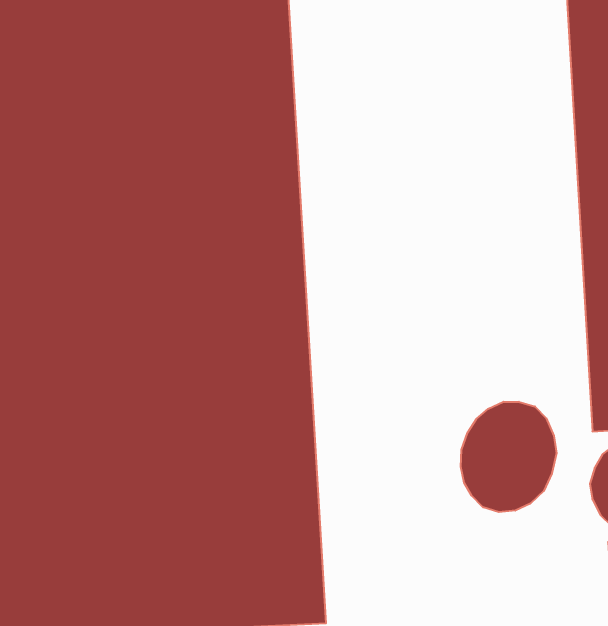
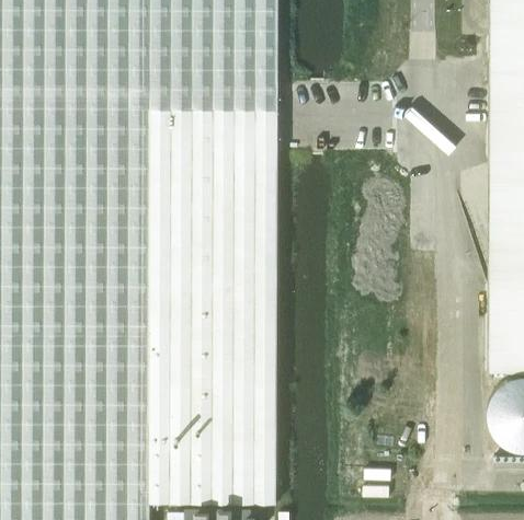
building: [461,402,556,512] -> none

